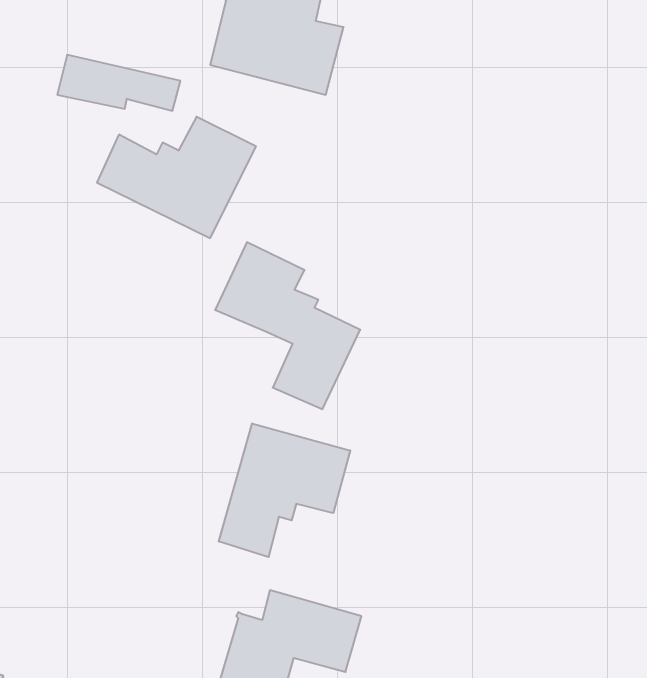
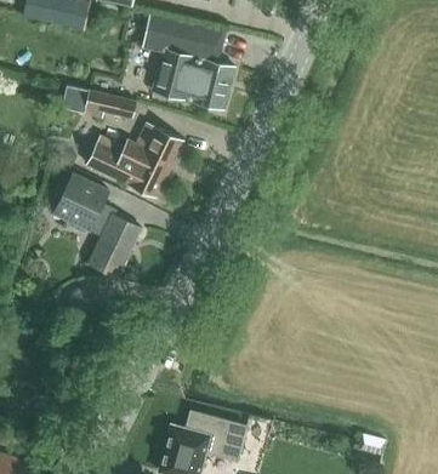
building: [215,242,360,409] -> [53,173,142,275]
building: [219,423,350,557] -> none

